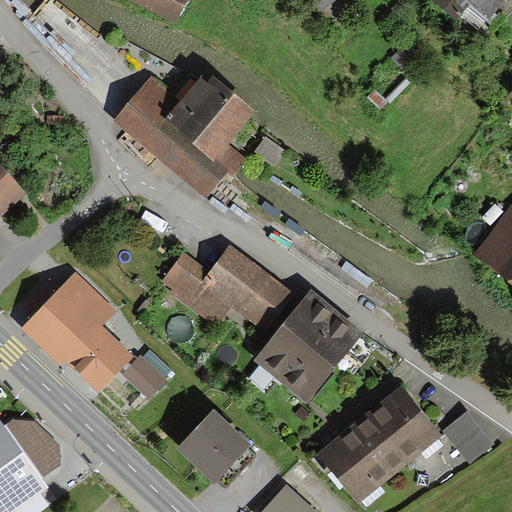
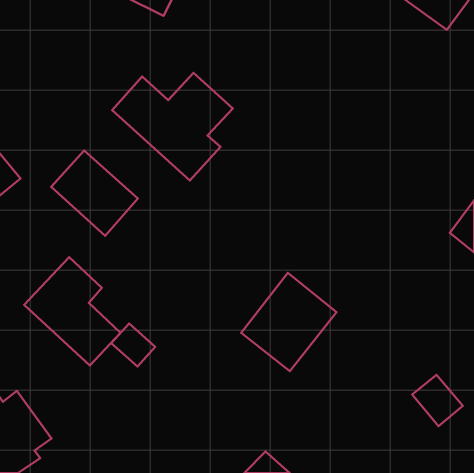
building: none -> [51,150,138,236]
building: [168,247,290,324] -> none
building: [321,387,439,494] -> none
building: [173,413,250,491] -> none

